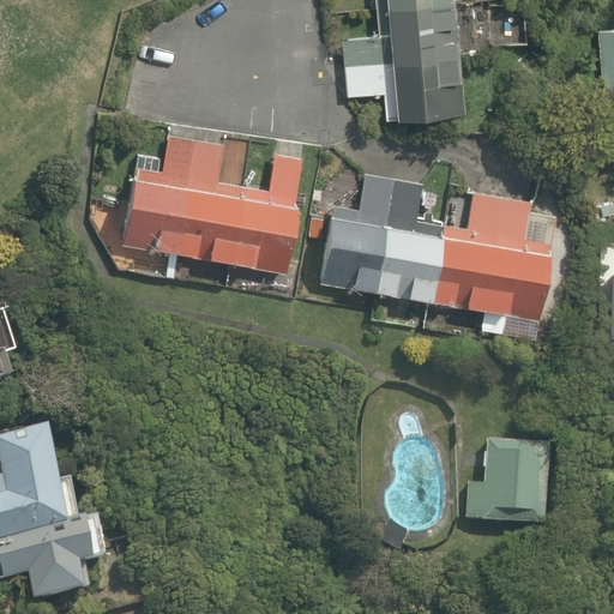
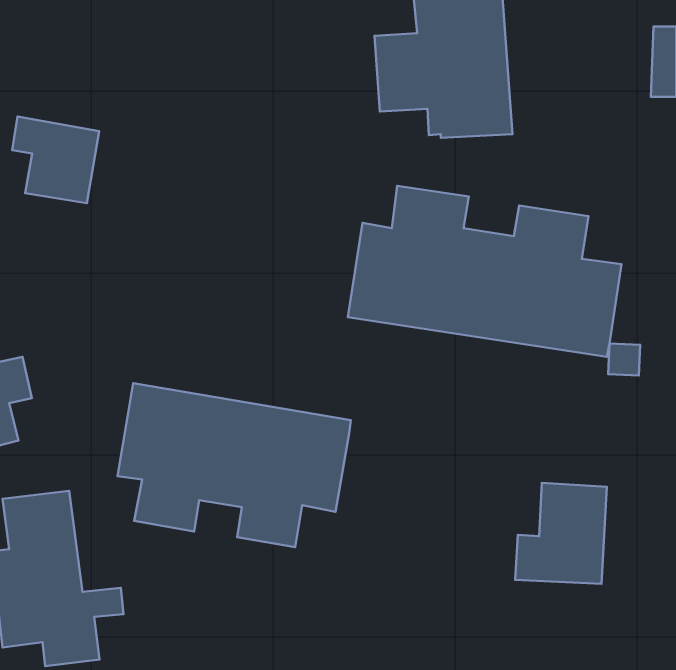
building: none -> [12,117,99,203]
building: [121,128,303,269] -> none
building: none -> [117,383,351,547]

